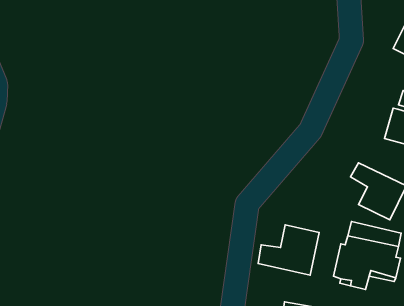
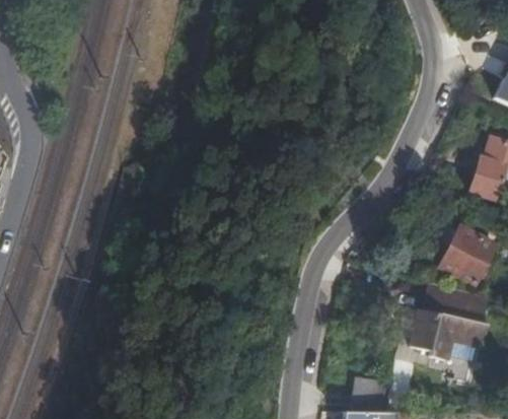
building: [258,225,319,275] -> none

